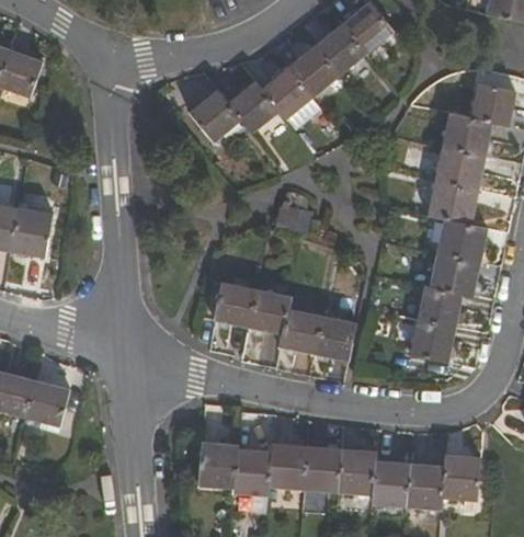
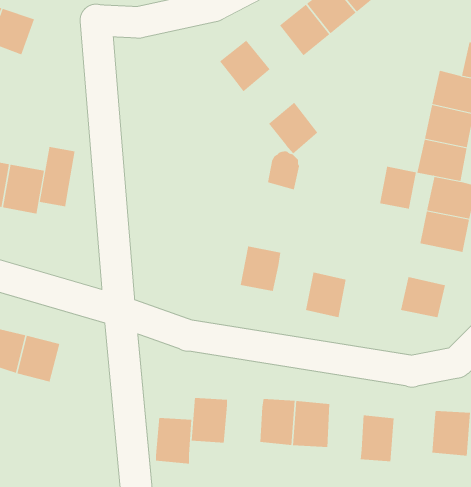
building: [261,67,311,119] -> [268,102,318,154]
building: [189,90,240,141] -> none
building: none -> [39,146,75,207]
building: none -> [379,166,417,210]
building: [215,282,255,328] -> none
building: [417,285,462,328] -> none
building: [280,308,321,353] -> none
building: [337,447,373,493] -> none
building: [232,448,270,495] -> [155,417,192,464]
building: [400,461,443,509] -> none

